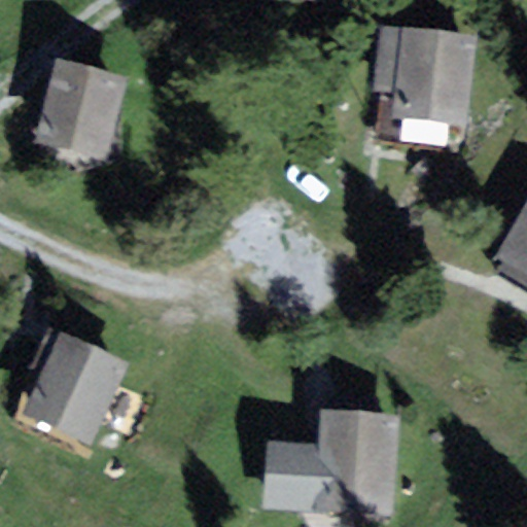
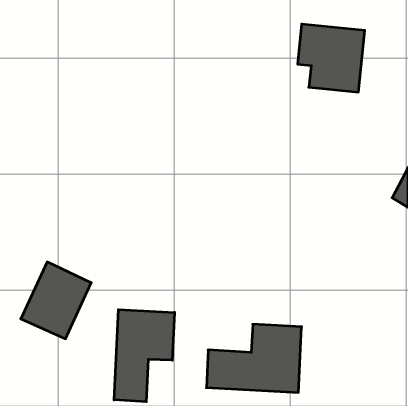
building: [42,63,121,152] -> none
building: none -> [114,310,175,402]

